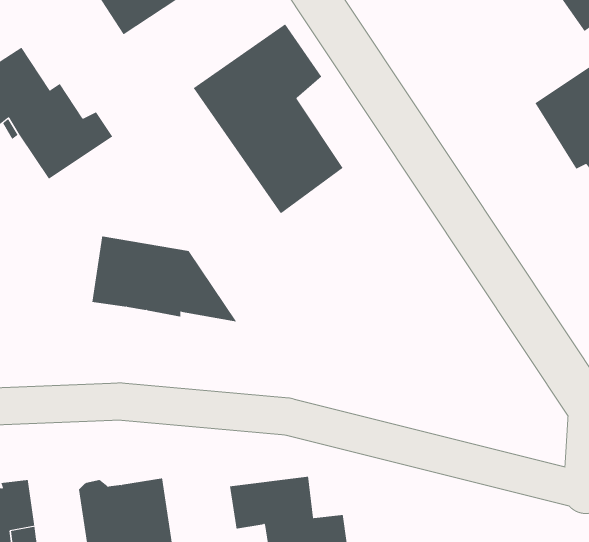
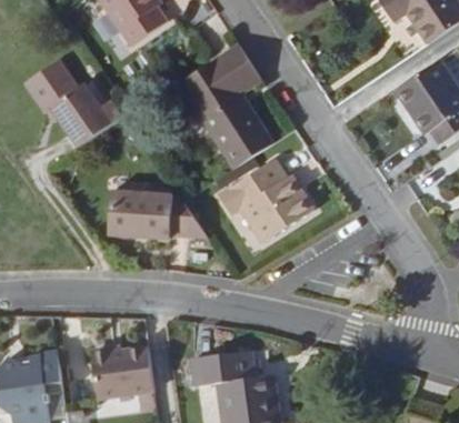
building: none -> [220,162,316,248]

